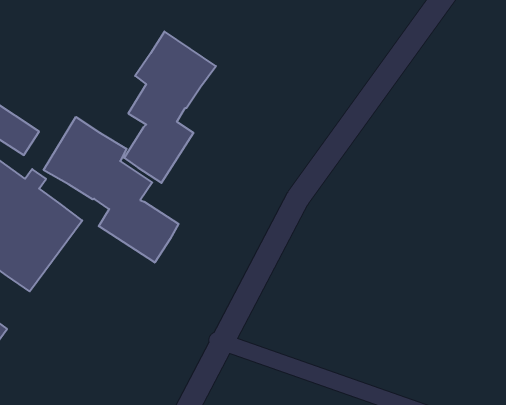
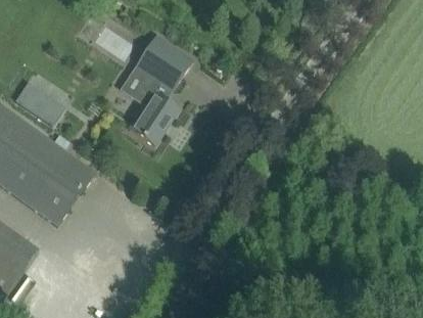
building: [44,117,179,263] -> none

